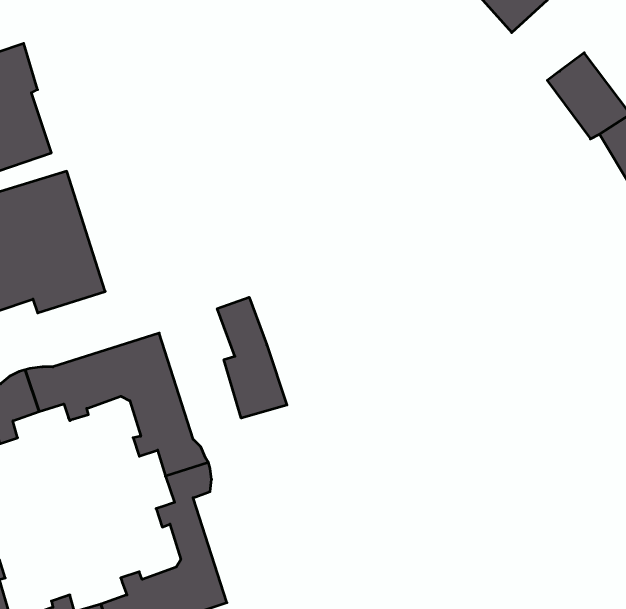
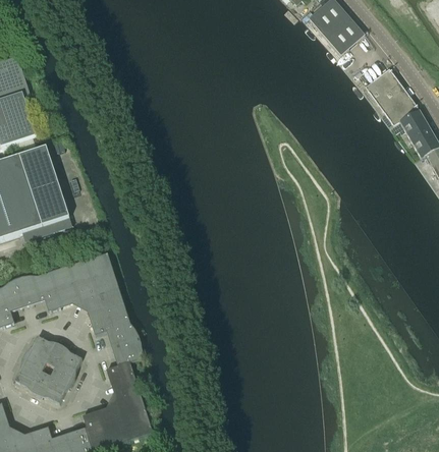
building: [217,297,287,418] -> none
building: none -> [14,335,81,401]

